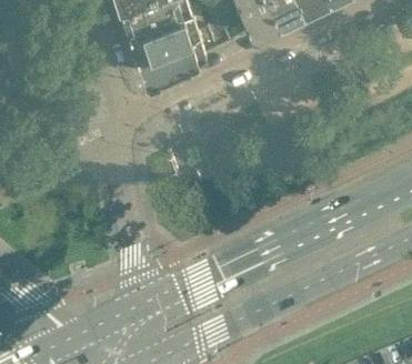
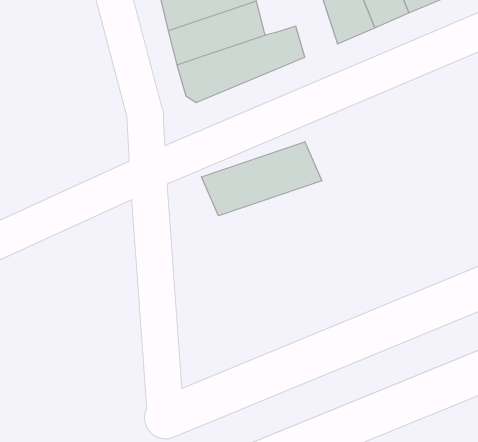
building: none -> [201,142,322,216]

